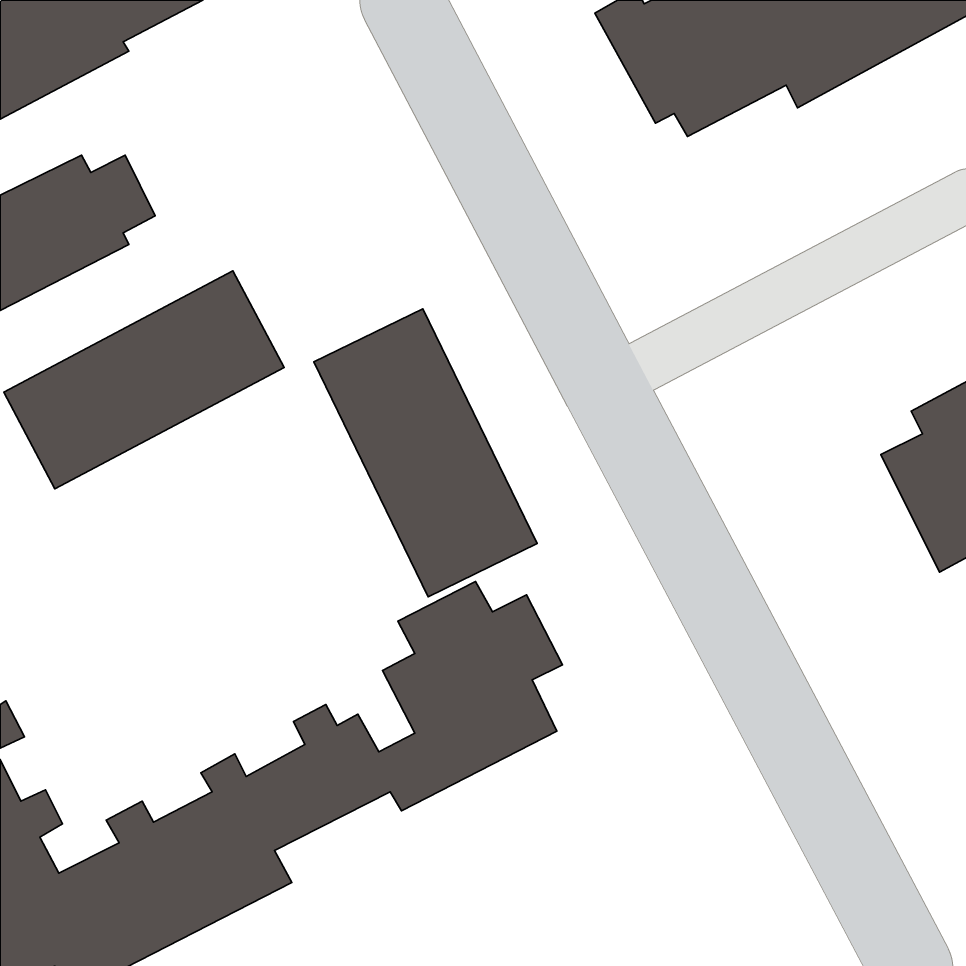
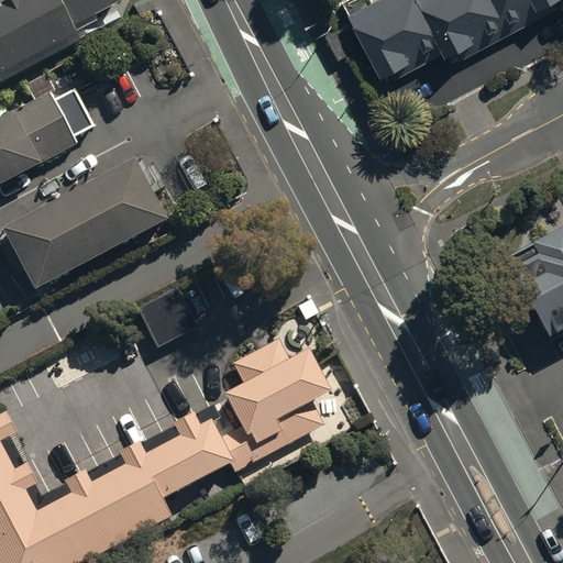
building: [314,309,537,597] -> none
building: none -> [137,288,197,347]

